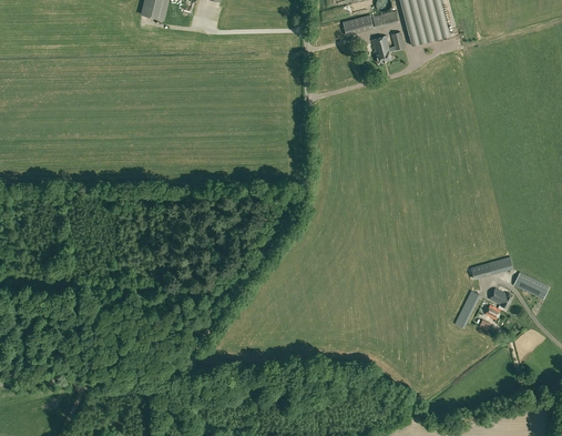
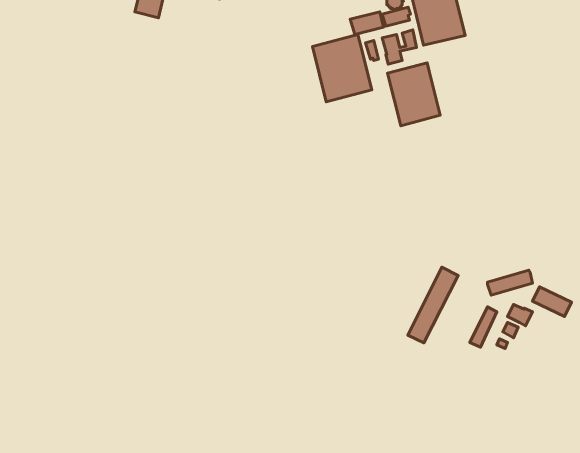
building: none -> [312,35,372,102]
building: none -> [388,63,440,126]
building: none -> [408,267,458,343]

